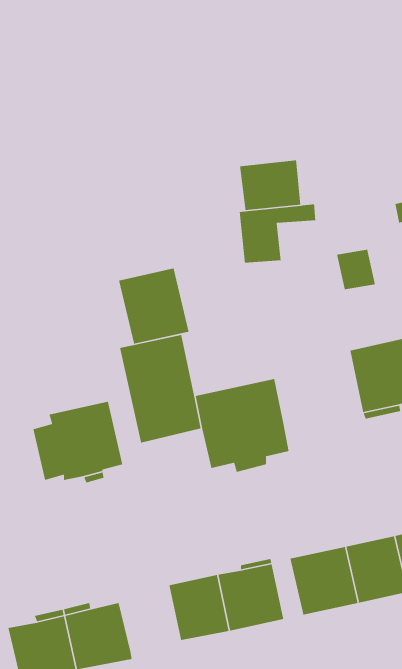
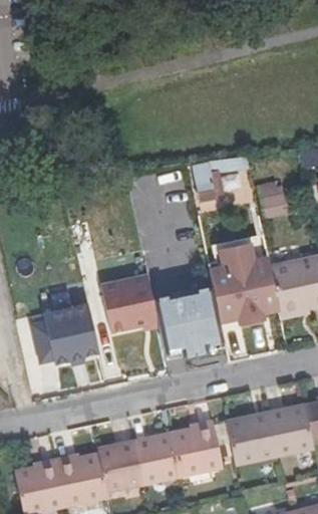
building: [239,160,301,211] -> none
building: [118,268,190,344] -> none
building: none -> [212,245,280,323]
building: none -> [96,442,143,492]

